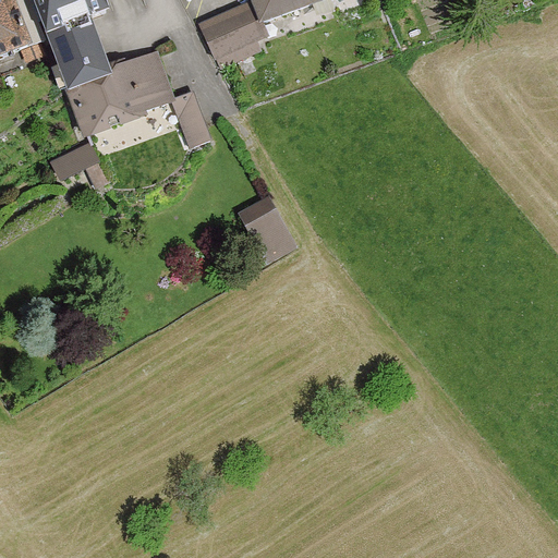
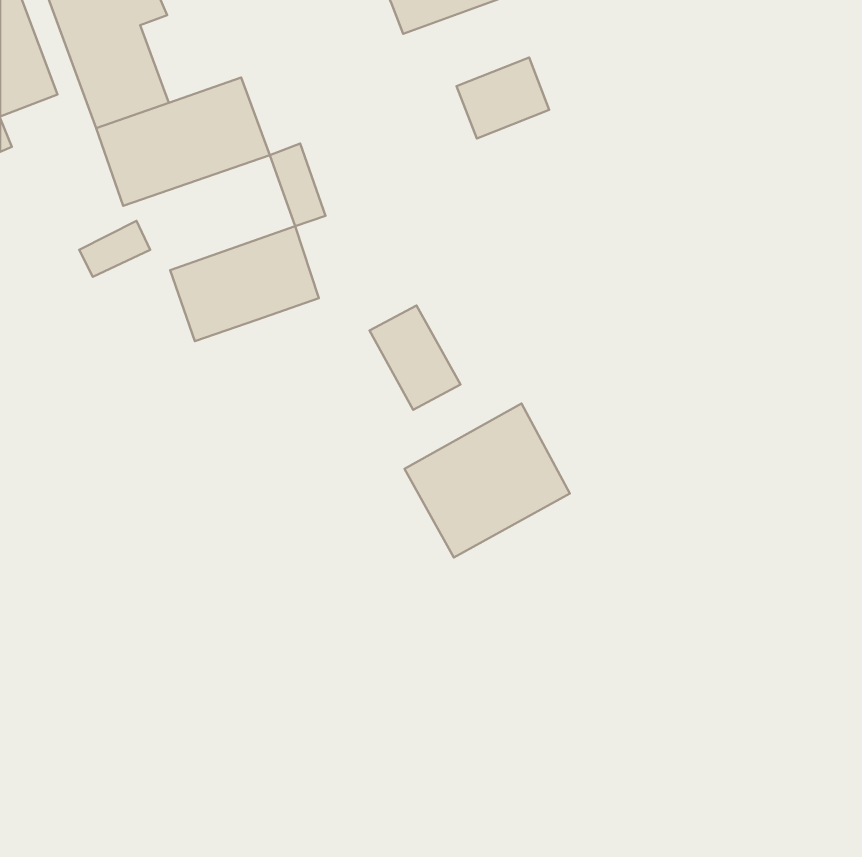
building: [199,4,259,57] -> [456,58,549,139]
building: none -> [170,226,319,341]
building: none -> [405,404,570,558]

